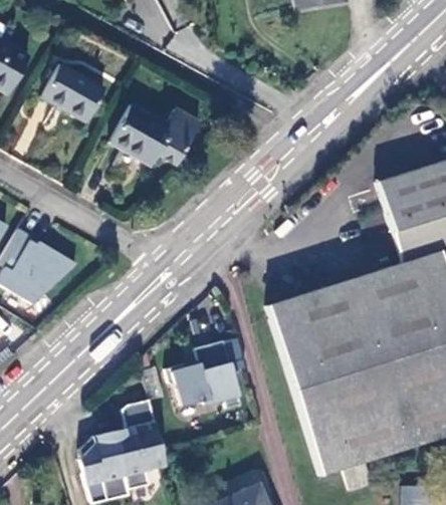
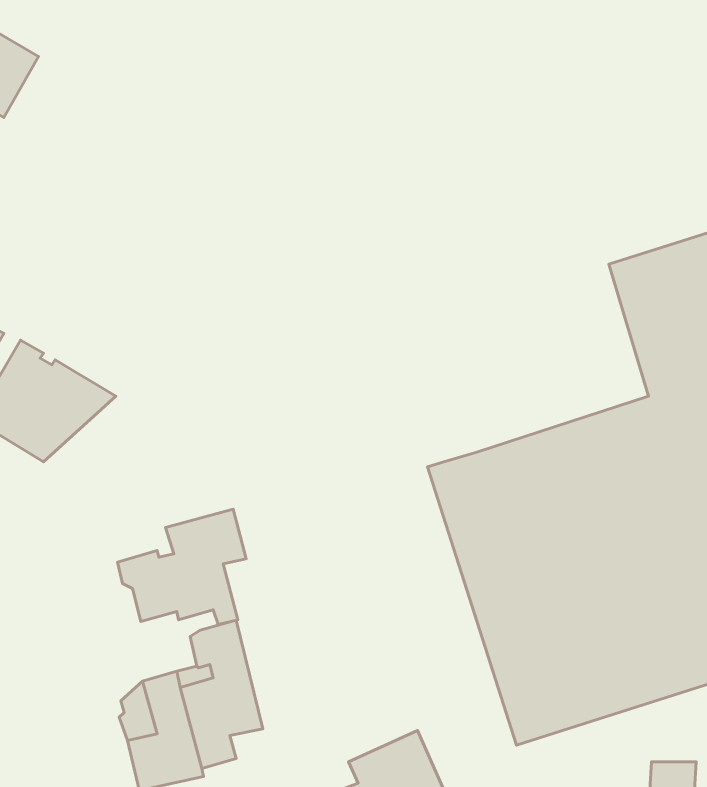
building: [40,62,104,120] -> none
building: [109,103,199,165] -> none
building: [169,336,247,407] -> [118,509,246,625]

